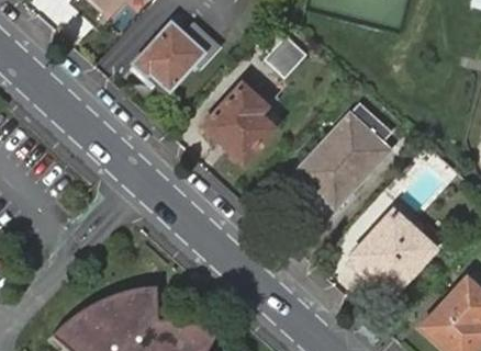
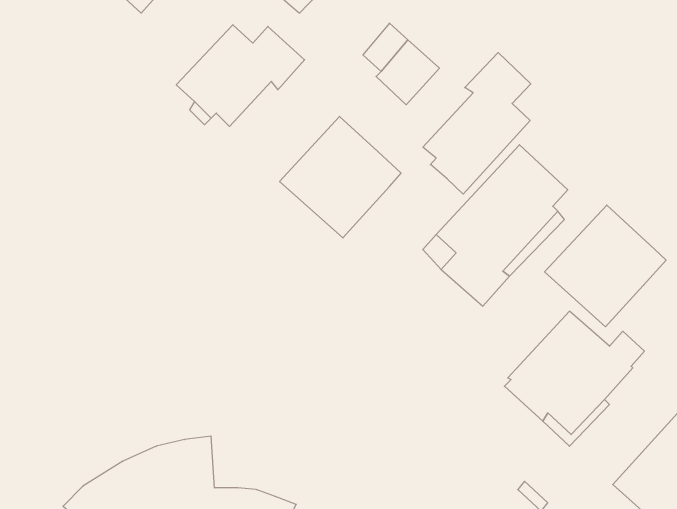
building: none -> [423,53,531,194]
building: none -> [545,205,666,327]

